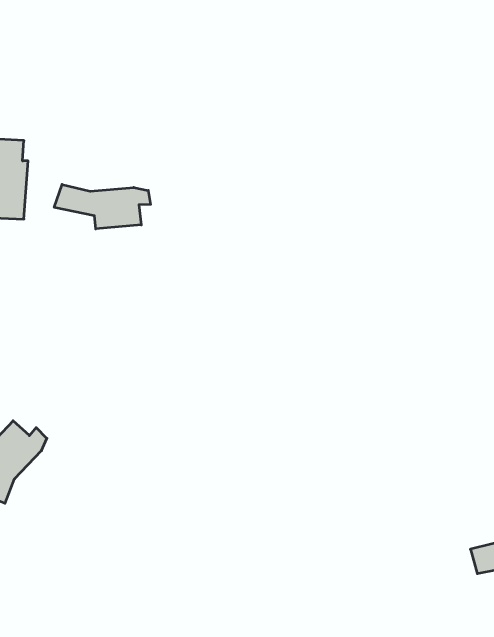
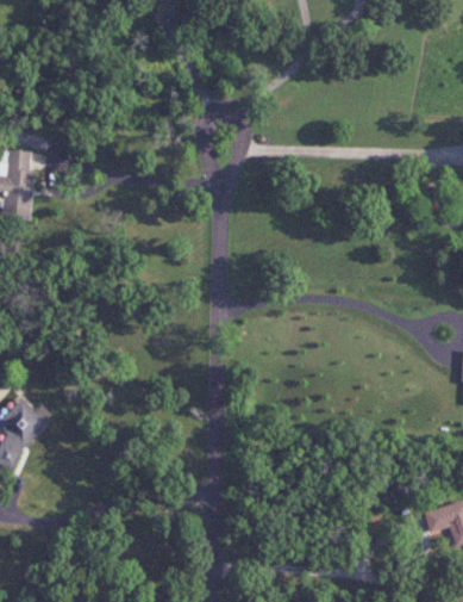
building: [54,184,151,229] -> none

